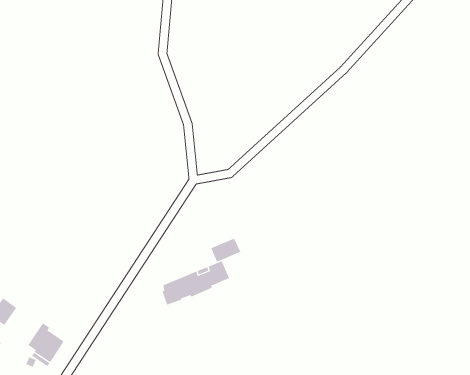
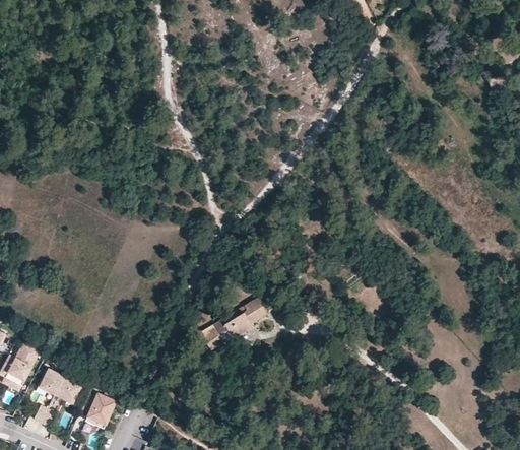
building: [211,238,241,263] -> none
building: none -> [55,377,82,404]

